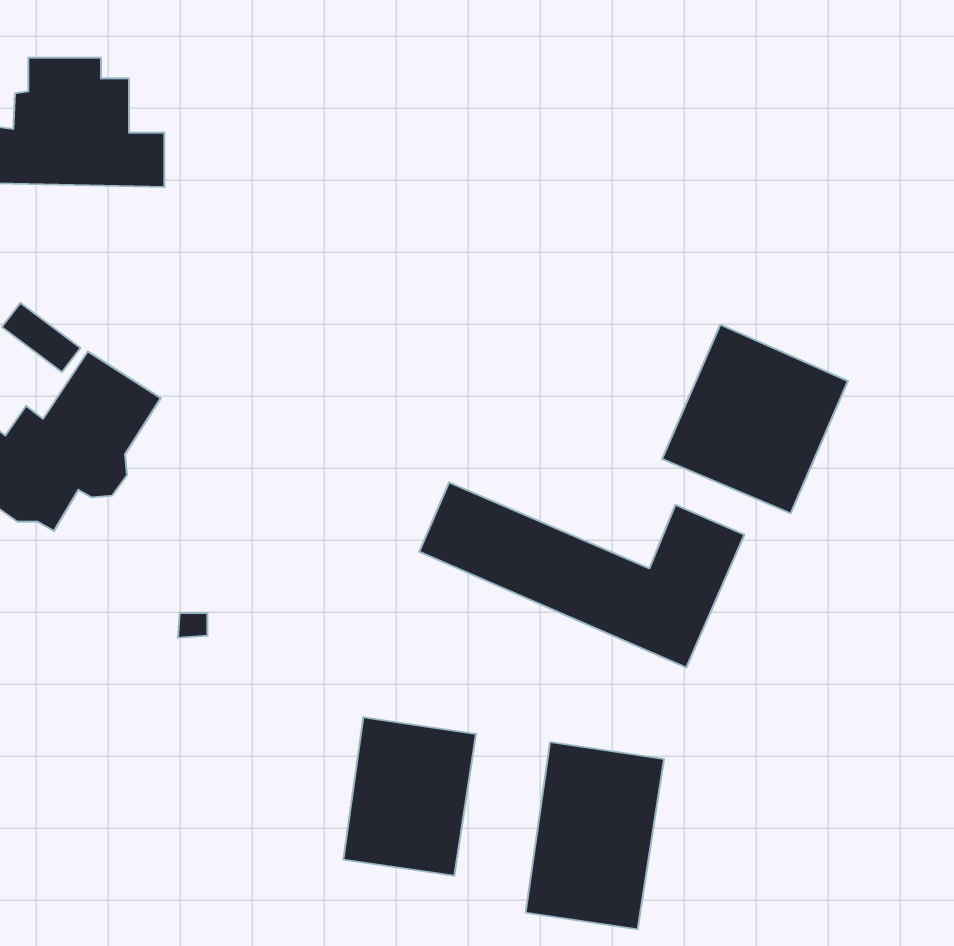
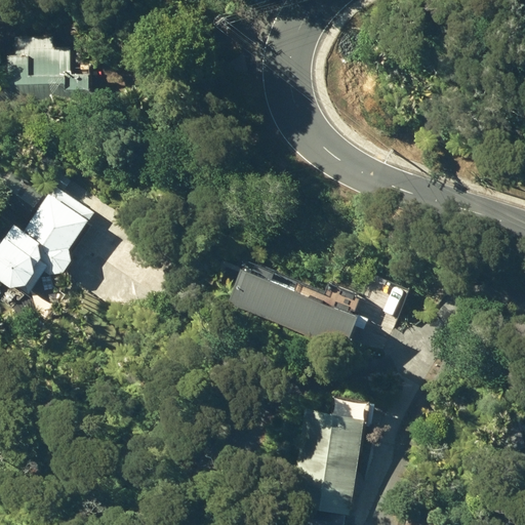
building: [662,325,848,513] -> none
building: [344,717,476,876] -> none

